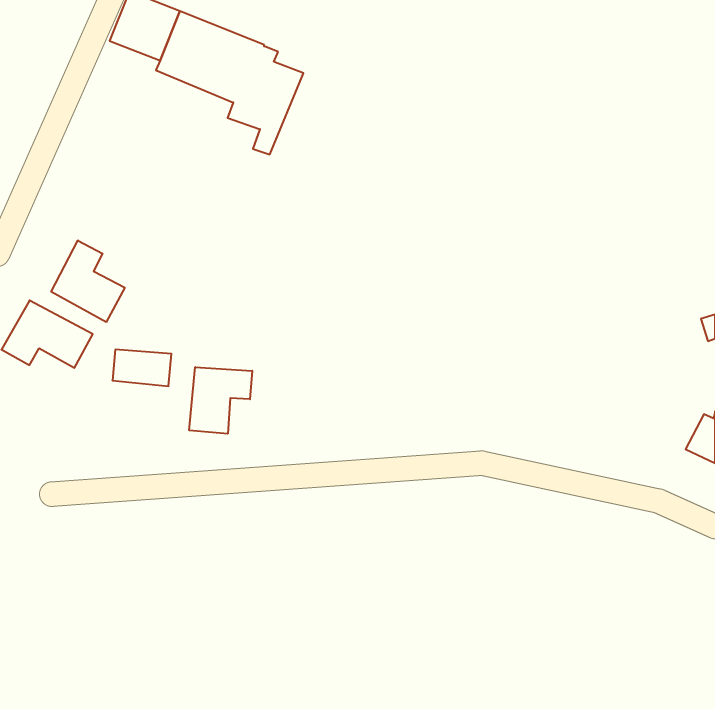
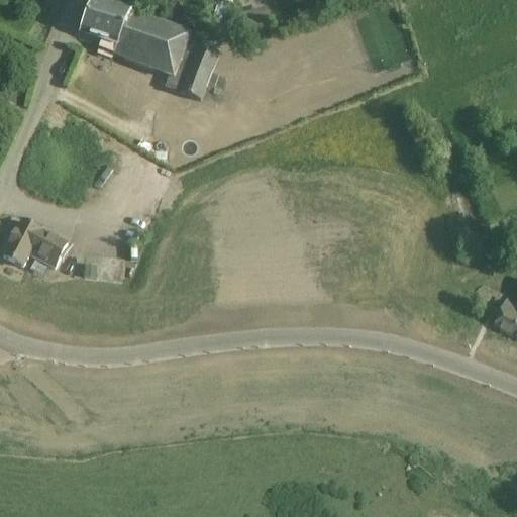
building: [51,240,125,322] -> none
building: [189,367,252,434] -> none

